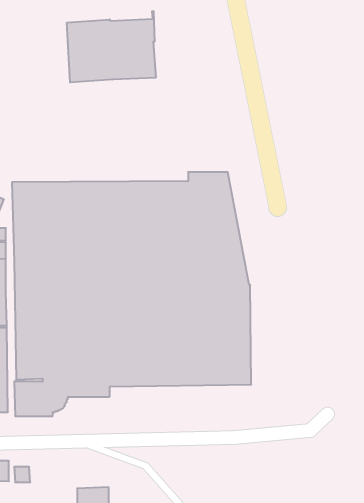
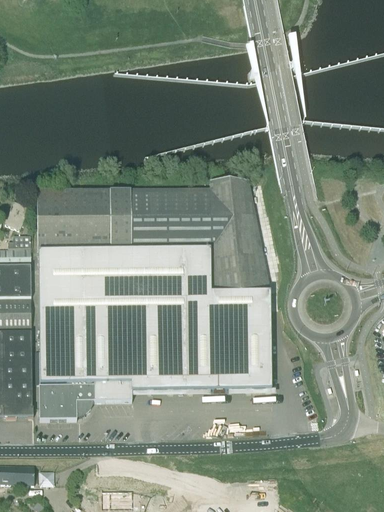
building: [67,11,156,83] -> none

